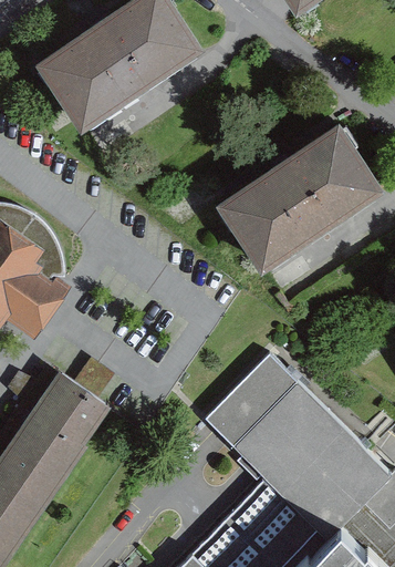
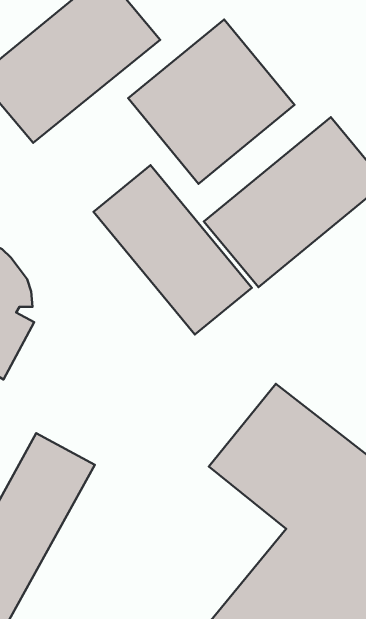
building: none -> [128,19,294,184]
building: none -> [93,165,252,334]

